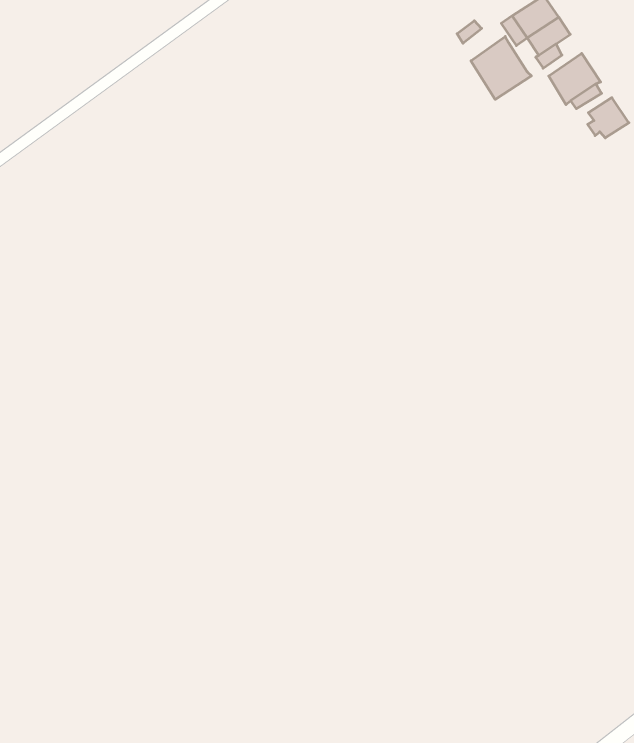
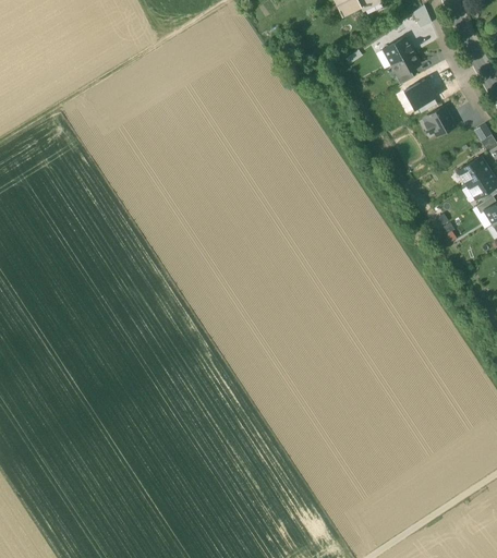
building: [471,36,531,99] -> none

